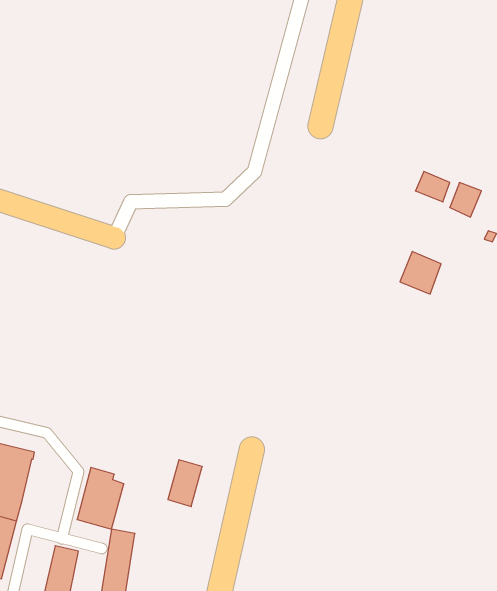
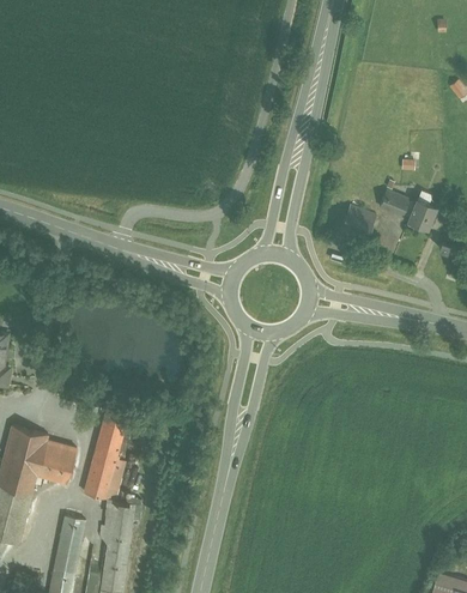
building: [400,251,441,294] -> [339,204,375,241]
building: none -> [36,440,75,483]
building: [168,460,202,507] -> [96,412,126,453]

